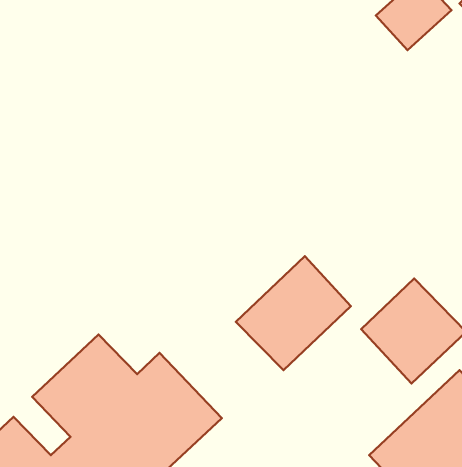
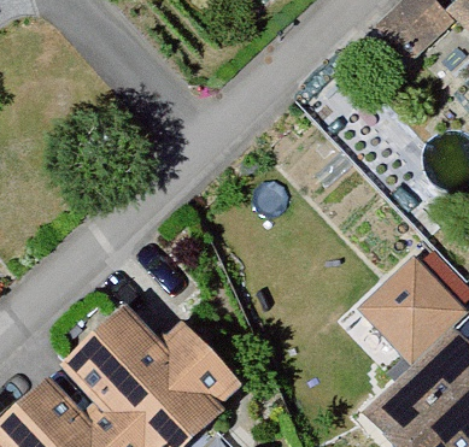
building: [236,256,351,370] -> none

